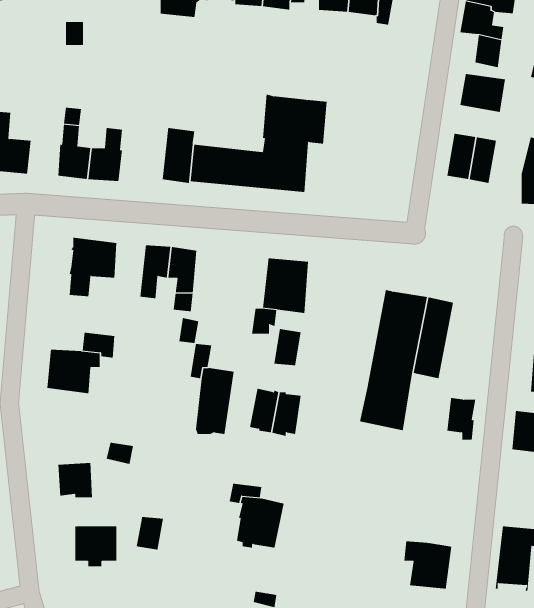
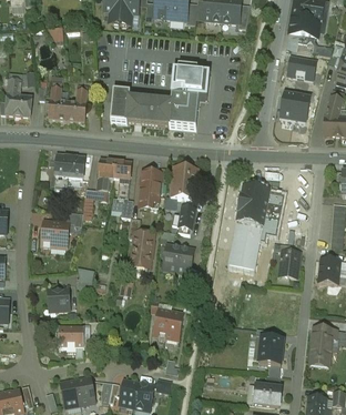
building: none -> [139,172,160,209]

